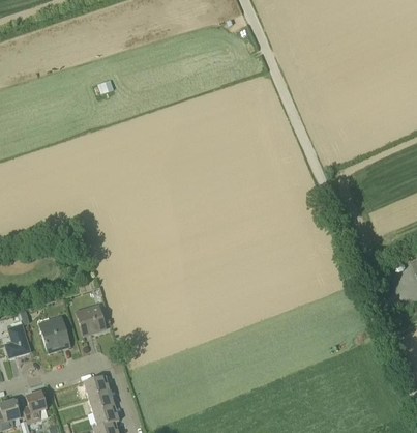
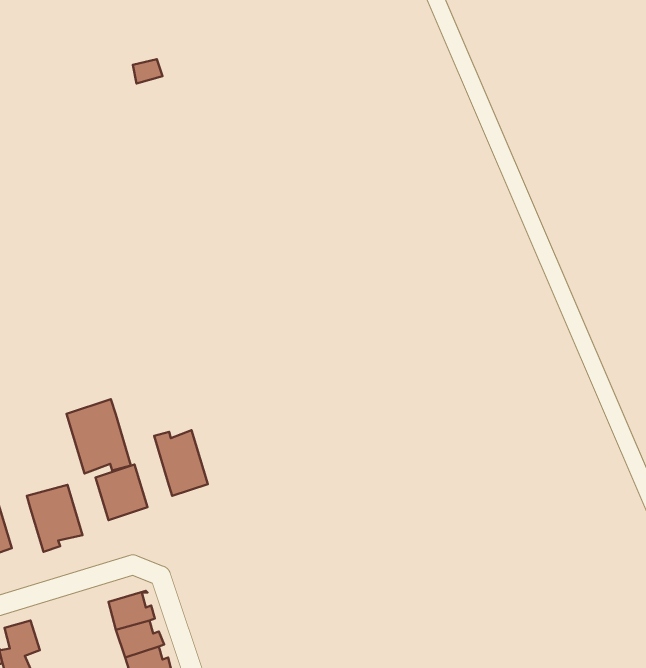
building: none -> [66,399,131,473]
building: none -> [154,430,208,496]

